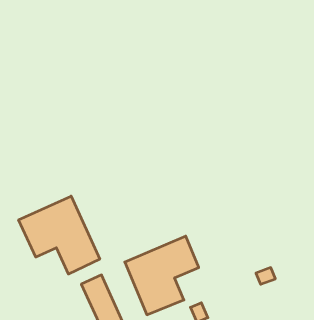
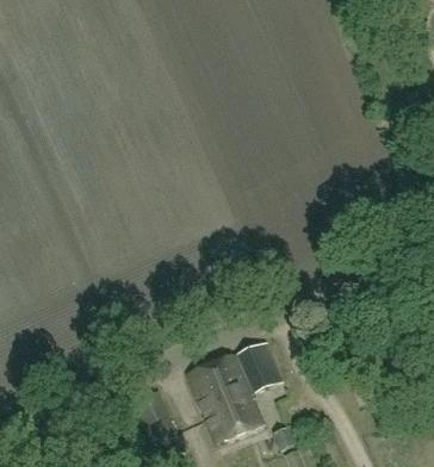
building: [19,196,100,274] -> none

